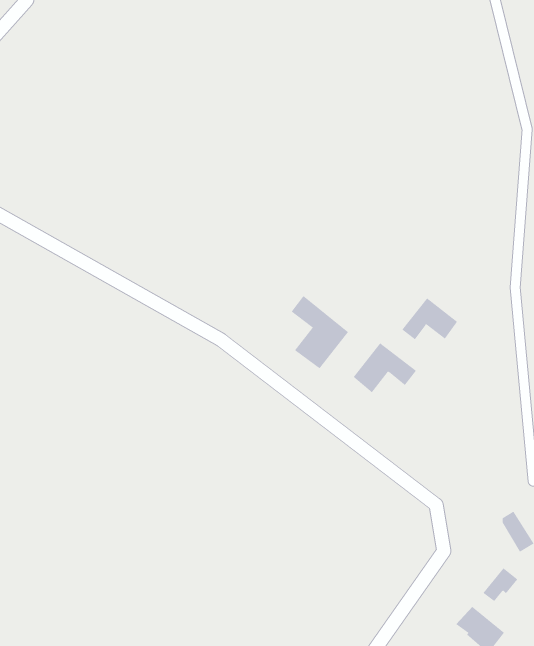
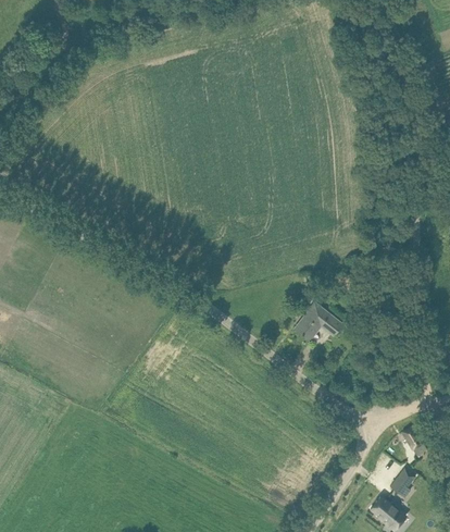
building: [291,295,349,369] -> none
building: [401,298,458,340] -> none

